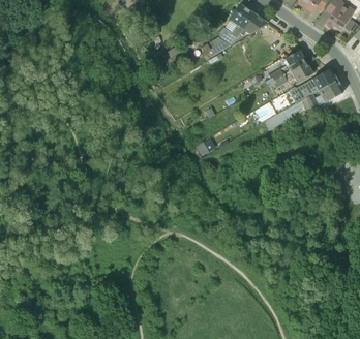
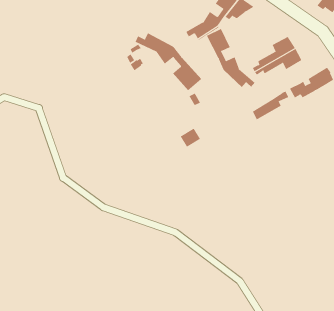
building: none -> [206,28,255,88]
building: none -> [135,32,202,91]
building: [303,68,336,95] -> none

